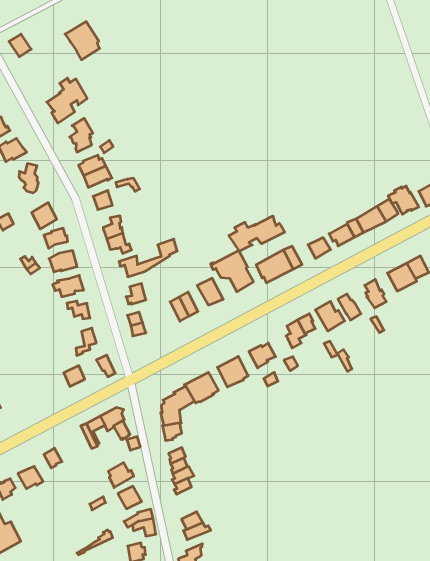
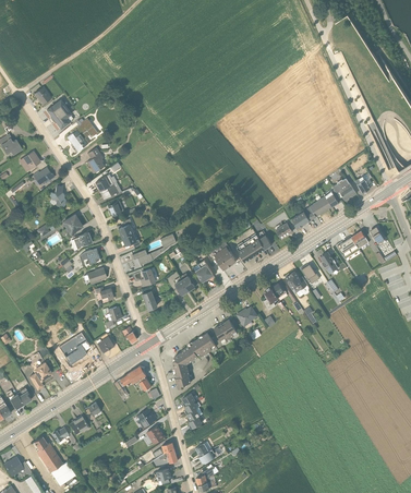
building: [65,22,100,60] -> [46,99,73,129]
building: [229,216,285,251] -> none
building: none -> [58,333,93,365]

